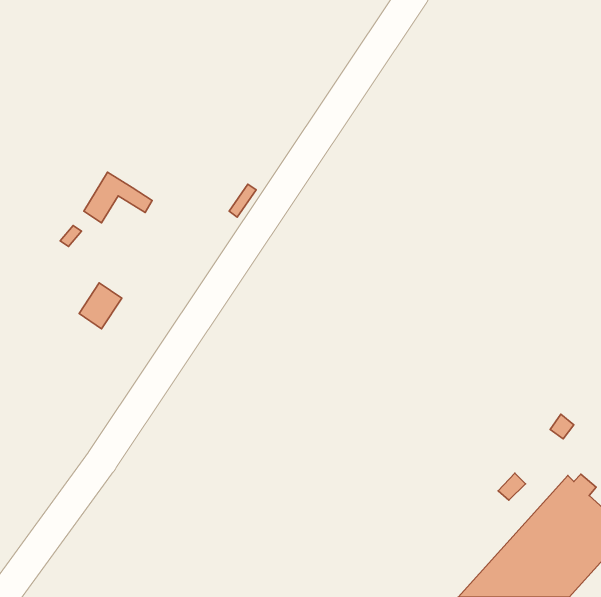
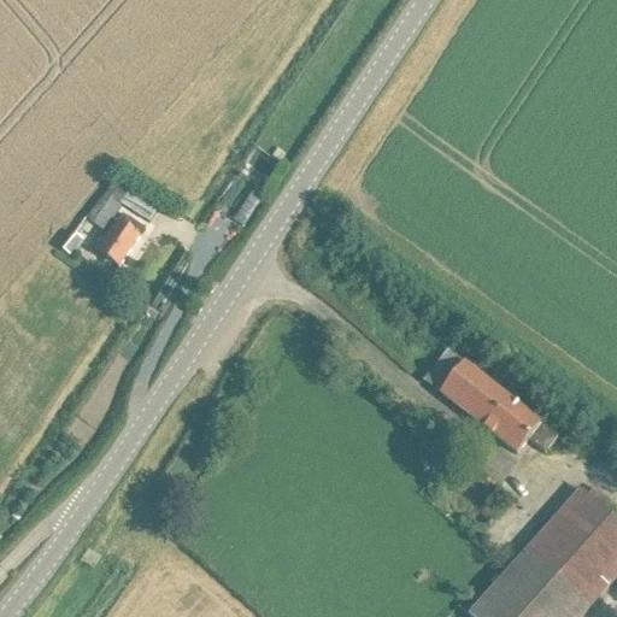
building: [79,283,122,329] -> [98,217,141,264]
building: none -> [424,346,558,451]

